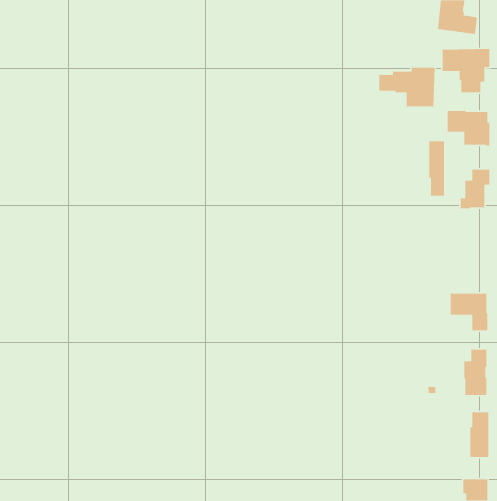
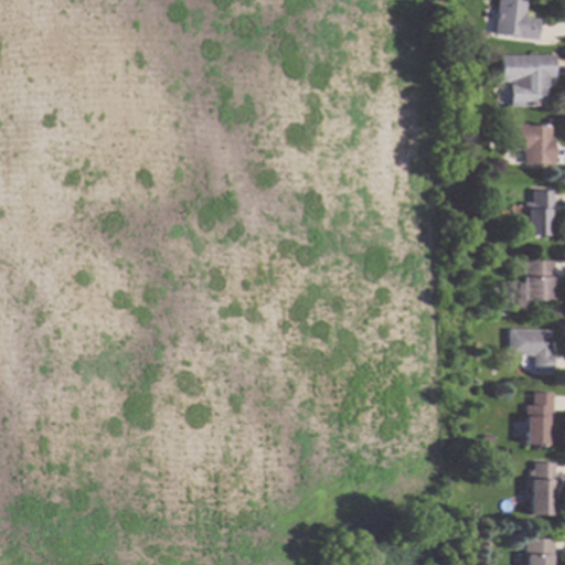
building: [379,67,435,107] -> none
building: [429,141,445,196] -> none
building: none -> [525,259,556,299]

